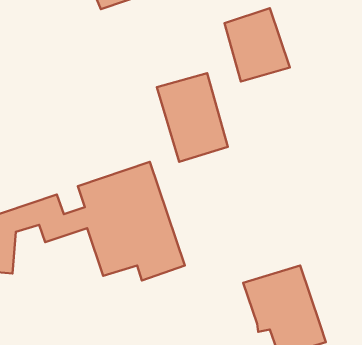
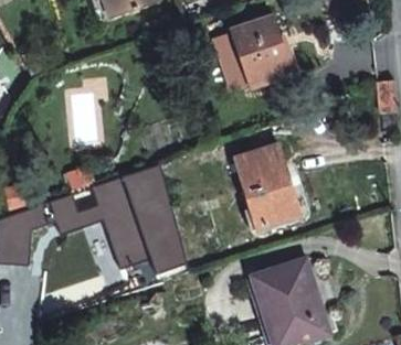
building: [157,73,228,162] -> [230,144,297,228]

